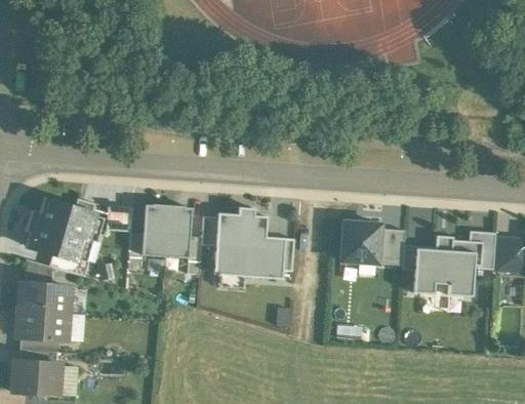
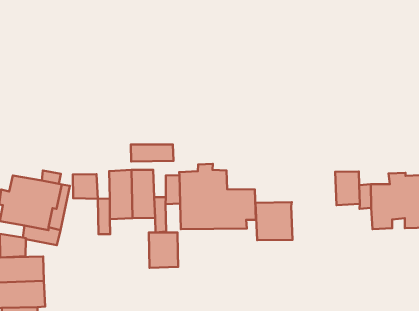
building: none -> [131,144,173,161]
building: [341,221,381,264] -> [255,202,293,240]
building: none -> [149,233,178,268]

